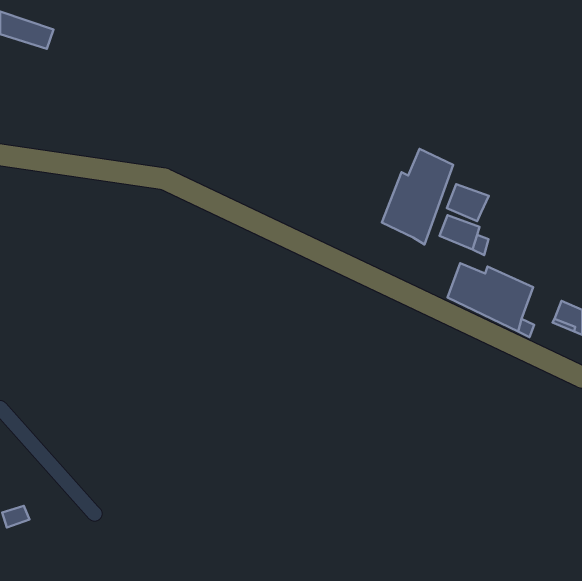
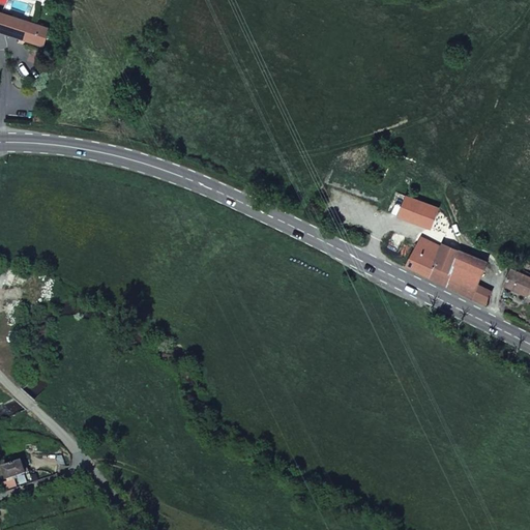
building: [382,149,453,244] -> none
building: [447,184,489,221] -> none

